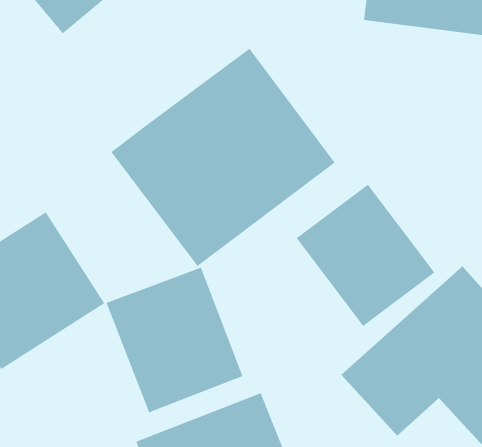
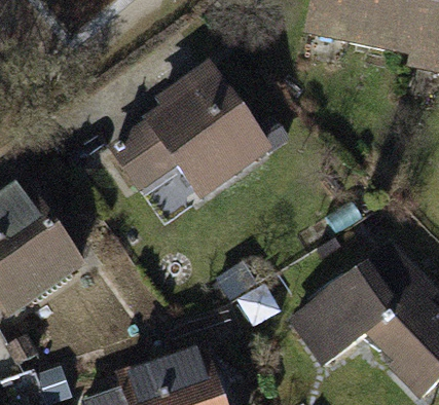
building: [296,184,435,327] -> none
building: [106,267,243,413] -> none

